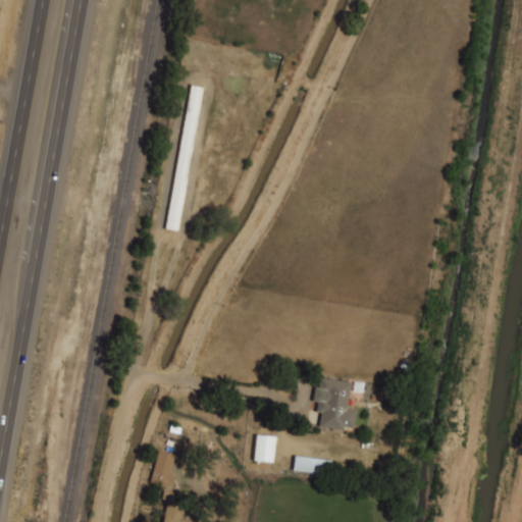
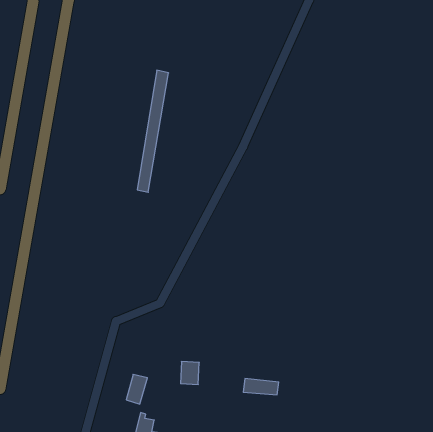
building: [312,379,358,430] -> none
building: [254,436,276,464] -> [181,362,199,384]

